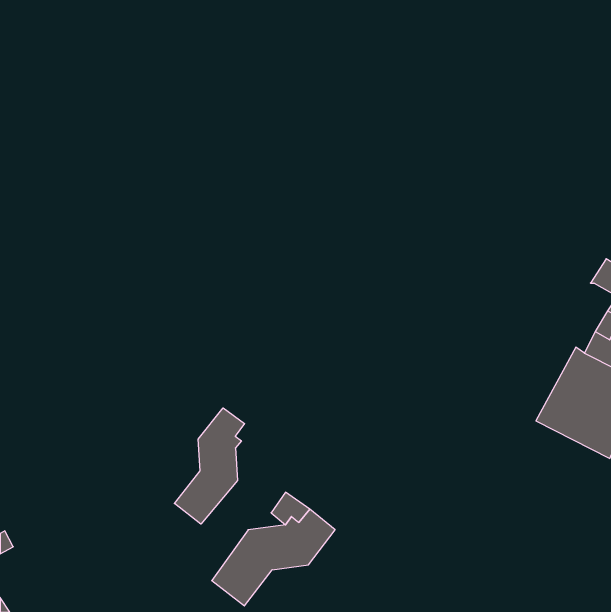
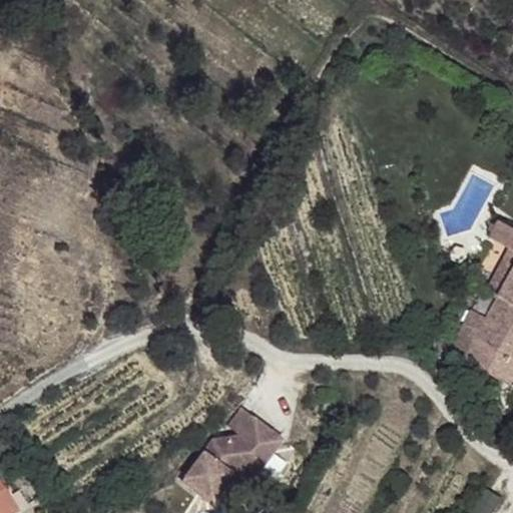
building: [174,408,245,524] -> none

